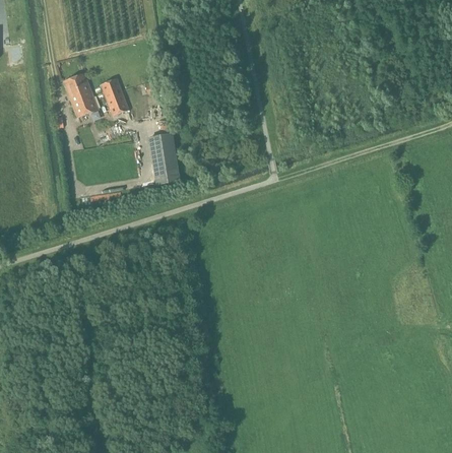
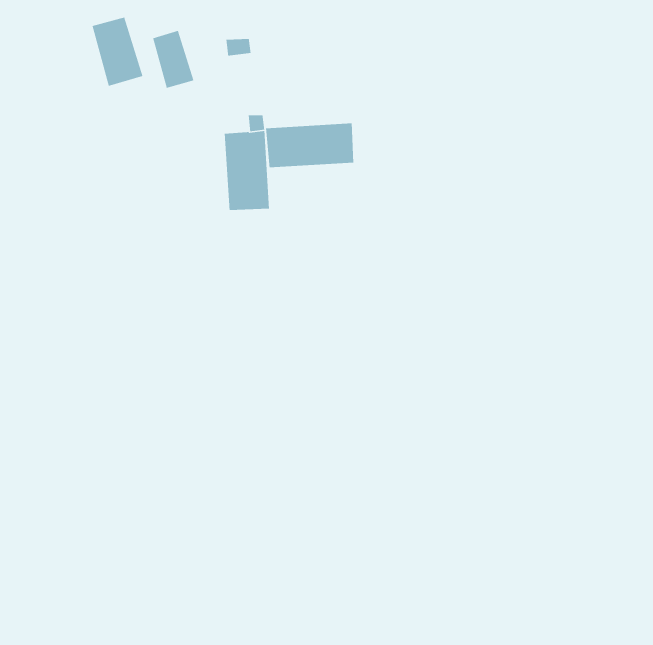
building: none -> [265,123,354,168]

